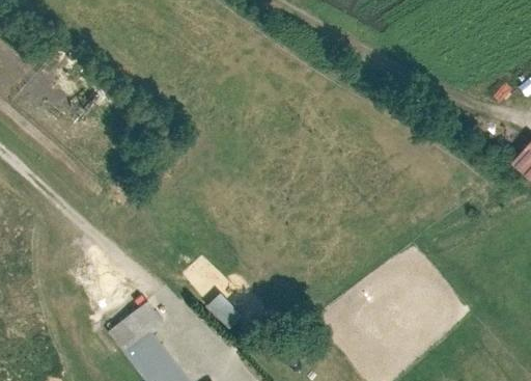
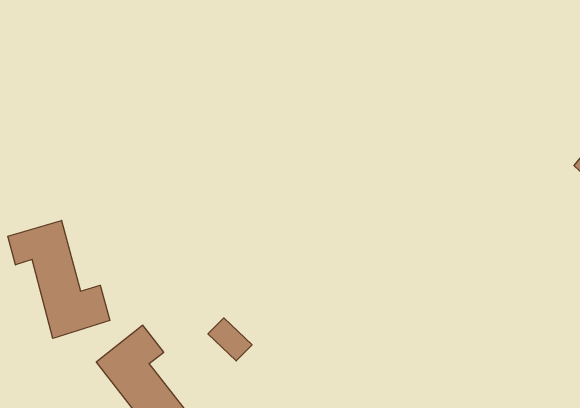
building: none -> [8,220,110,338]

